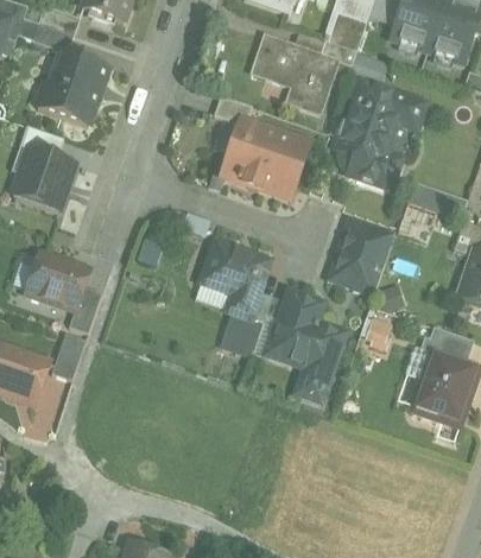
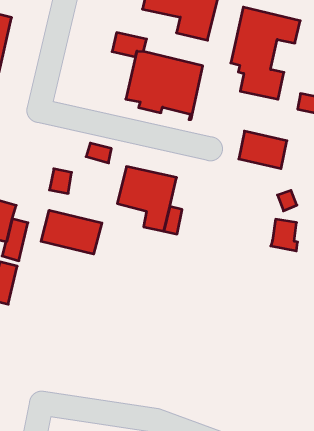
building: [329,247,385,294] -> none
building: none -> [41,210,102,254]
building: [268,291,343,401] -> none
building: [220,316,260,355] -> none

